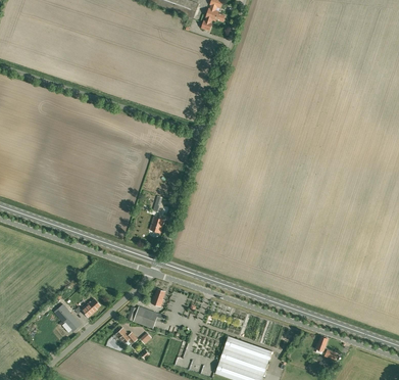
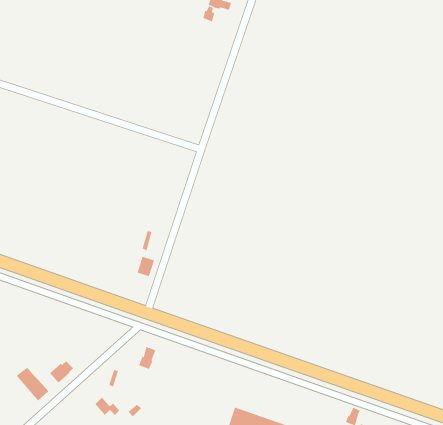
building: [134,306,165,328] -> none

